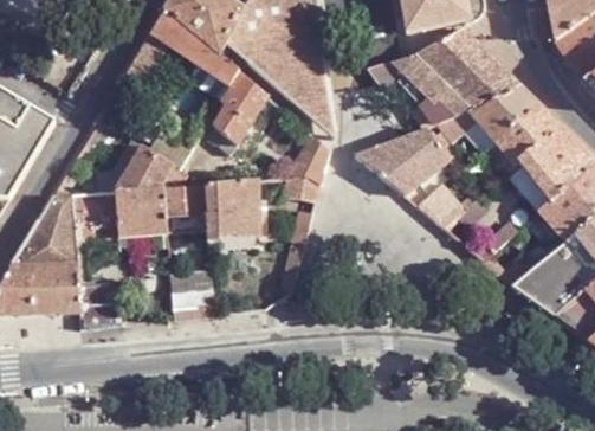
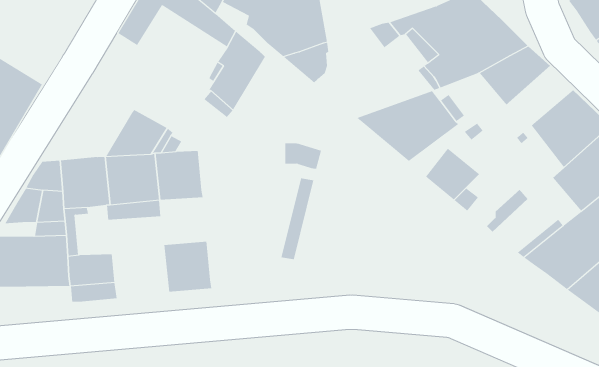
building: [496,103,560,163] -> none
building: [285,130,329,184] -> none
building: [203,179,259,242] -> none

